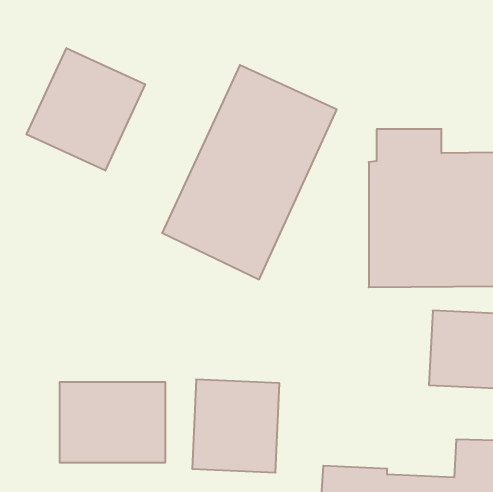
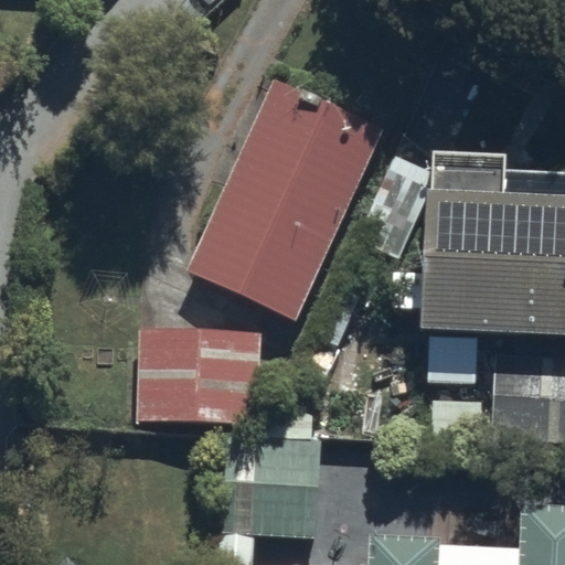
building: [27,48,145,171] -> none
building: [60,382,165,463] -> [139,332,259,424]

